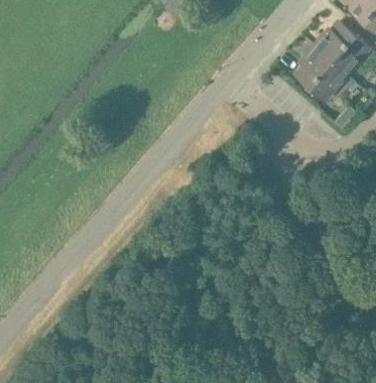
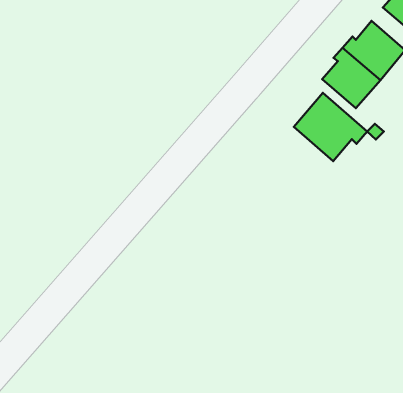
building: none -> [294,93,367,161]

